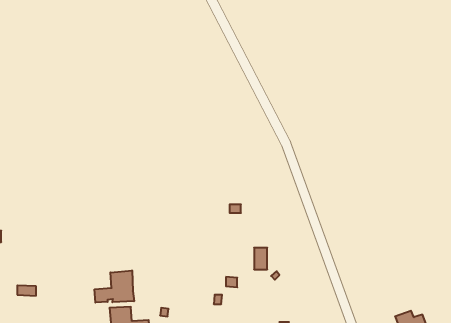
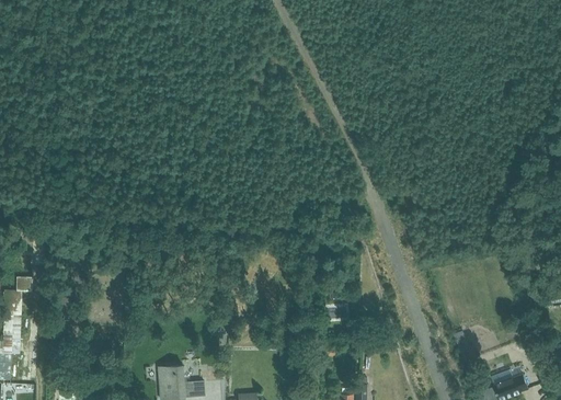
building: [95,270,134,303] -> none

